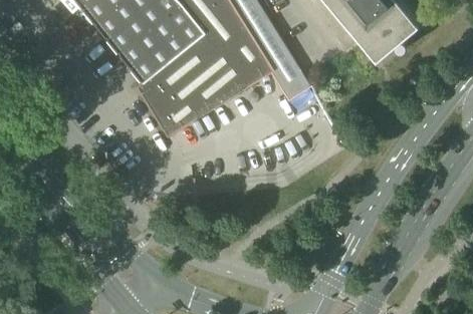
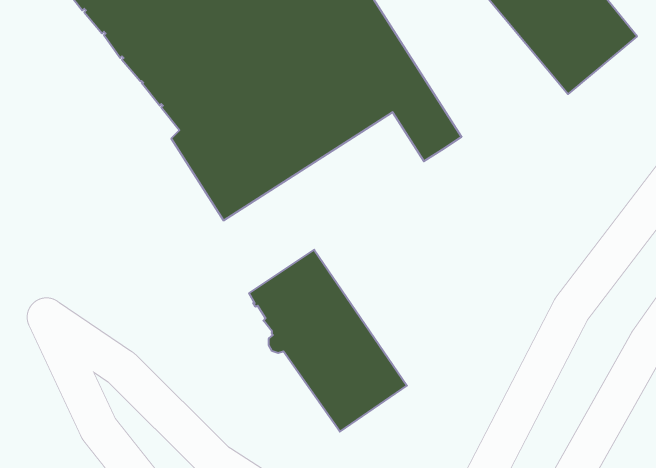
building: none -> [249,250,407,432]

